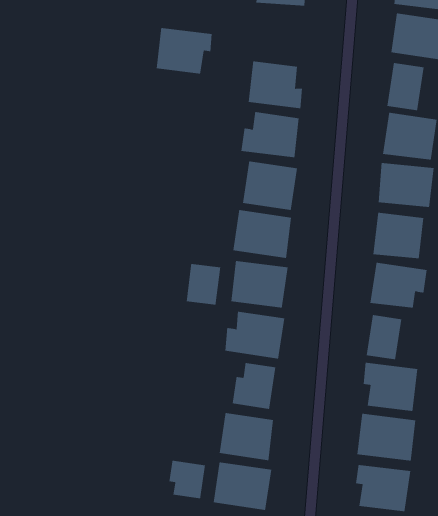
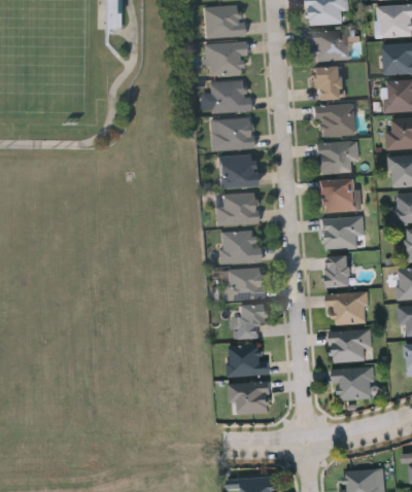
building: [156,28,212,74] -> [205,43,245,75]
building: [186,263,221,306] -> none
building: [169,460,206,499] -> none

